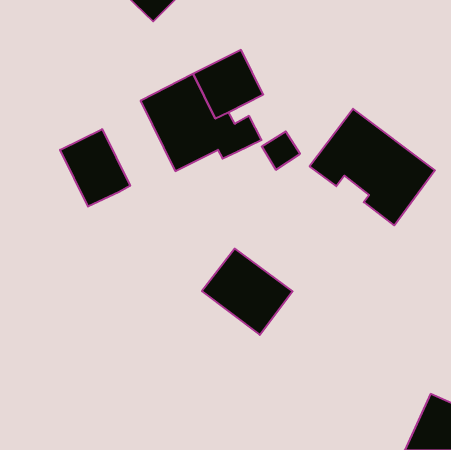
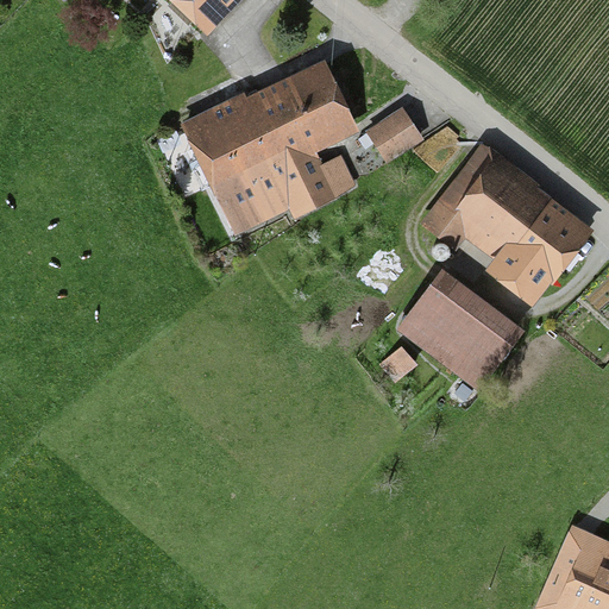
building: [60,129,130,207] -> none
building: [262,131,300,170] -> [370,108,421,159]
building: [202,249,293,335] -> [398,271,520,387]

